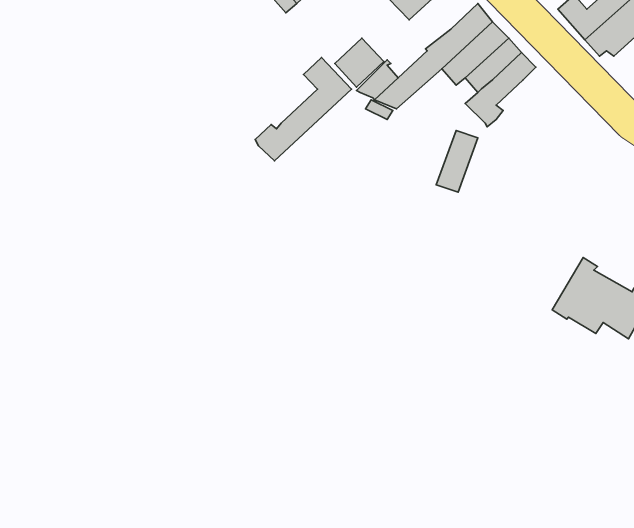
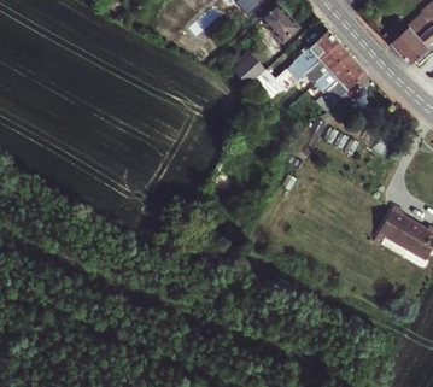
building: [255,57,351,161] -> none

